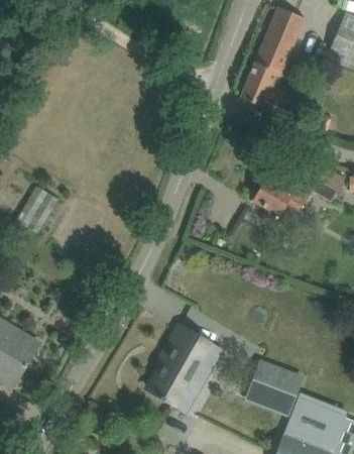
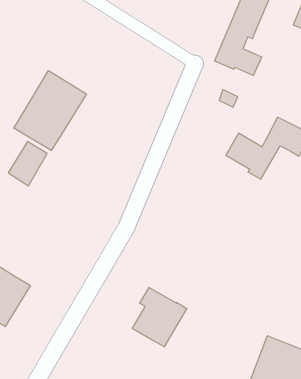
building: none -> [14,71,86,151]
building: [168,326,221,368] -> none
building: [245,359,304,416] -> none

